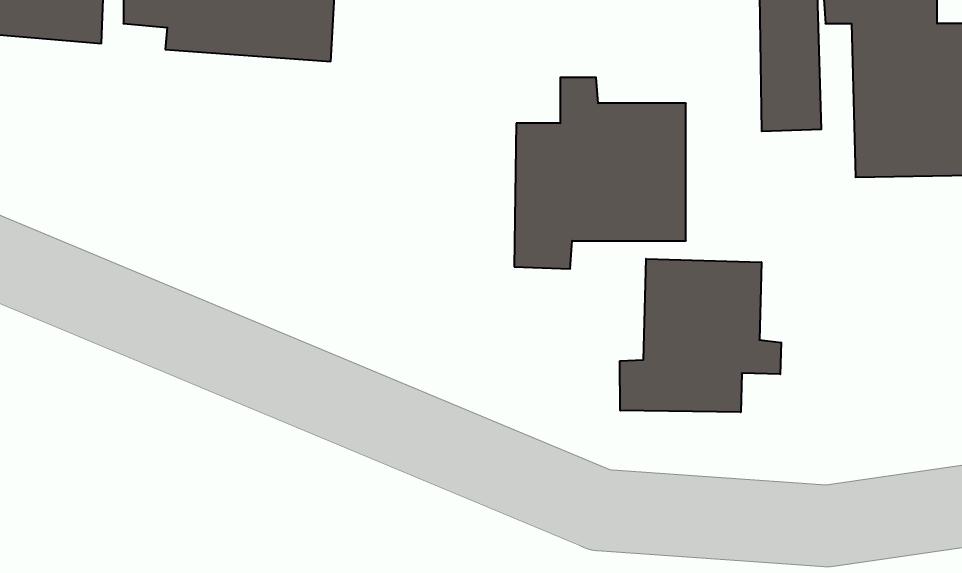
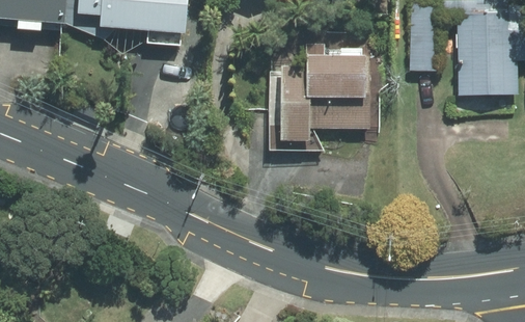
building: [620,259,781,412] -> none

